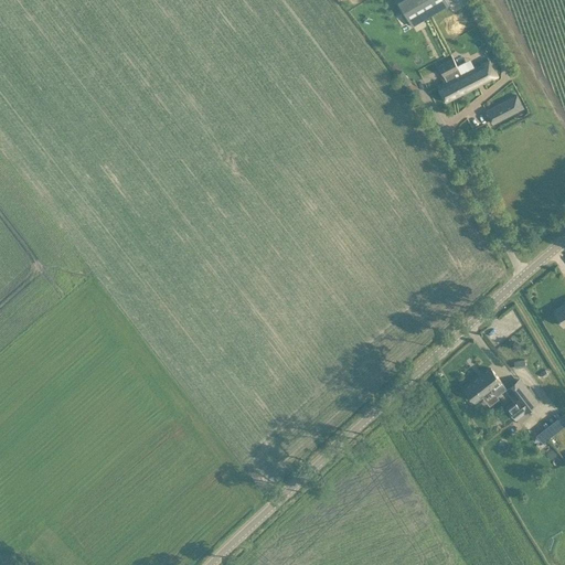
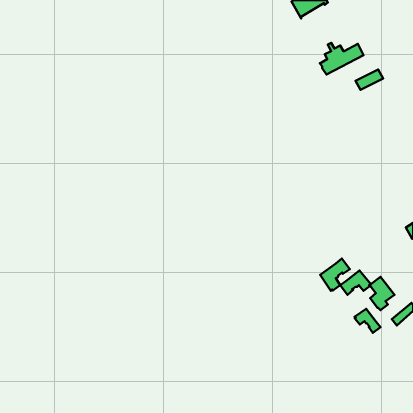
building: none -> [320,259,350,291]
building: none -> [355,309,380,333]

